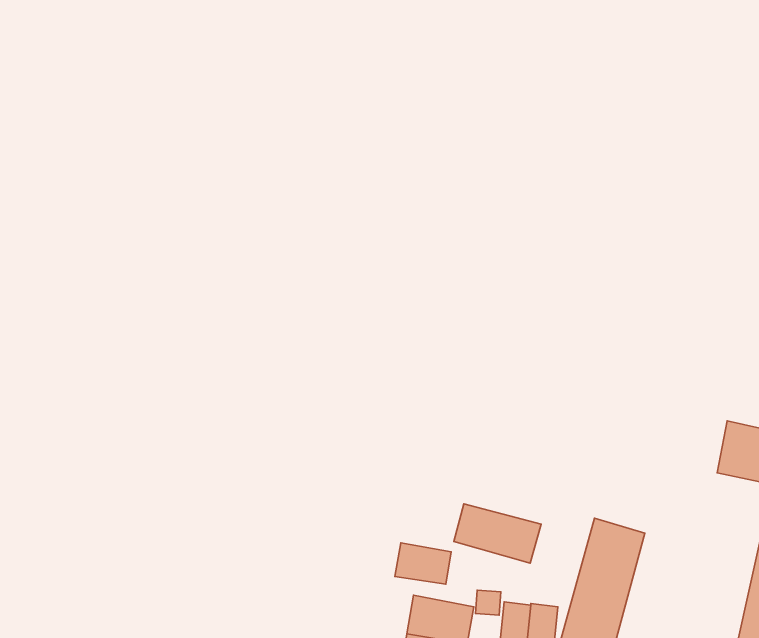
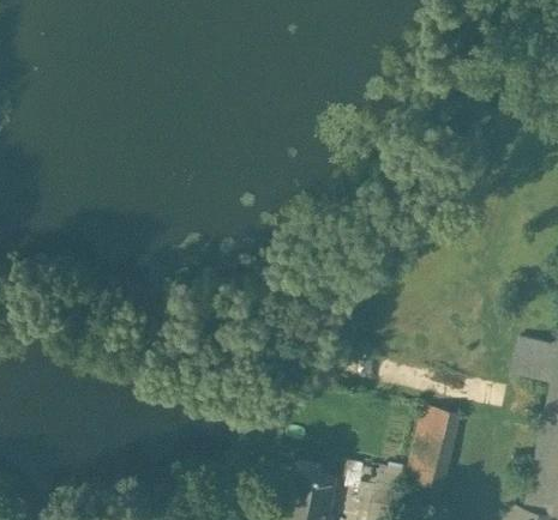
building: [454,504,541,563] -> none
building: [395,543,451,584] -> none

